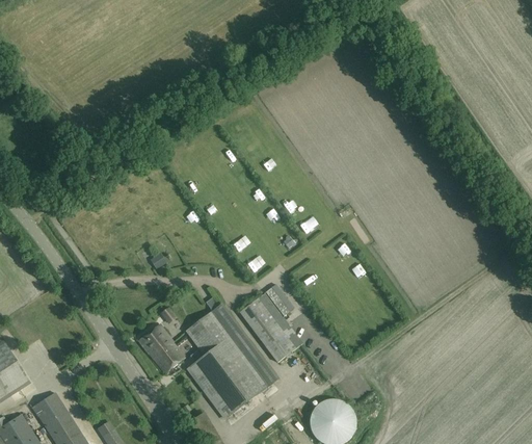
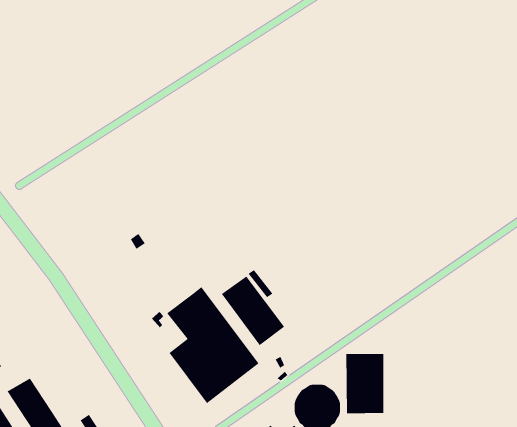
building: [138,323,185,372] -> none
building: none -> [346,353,384,414]

